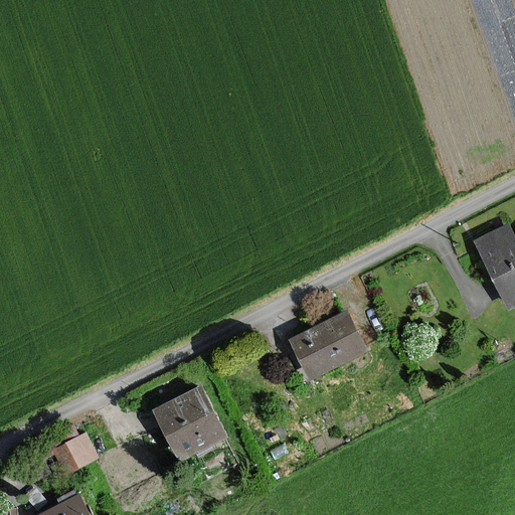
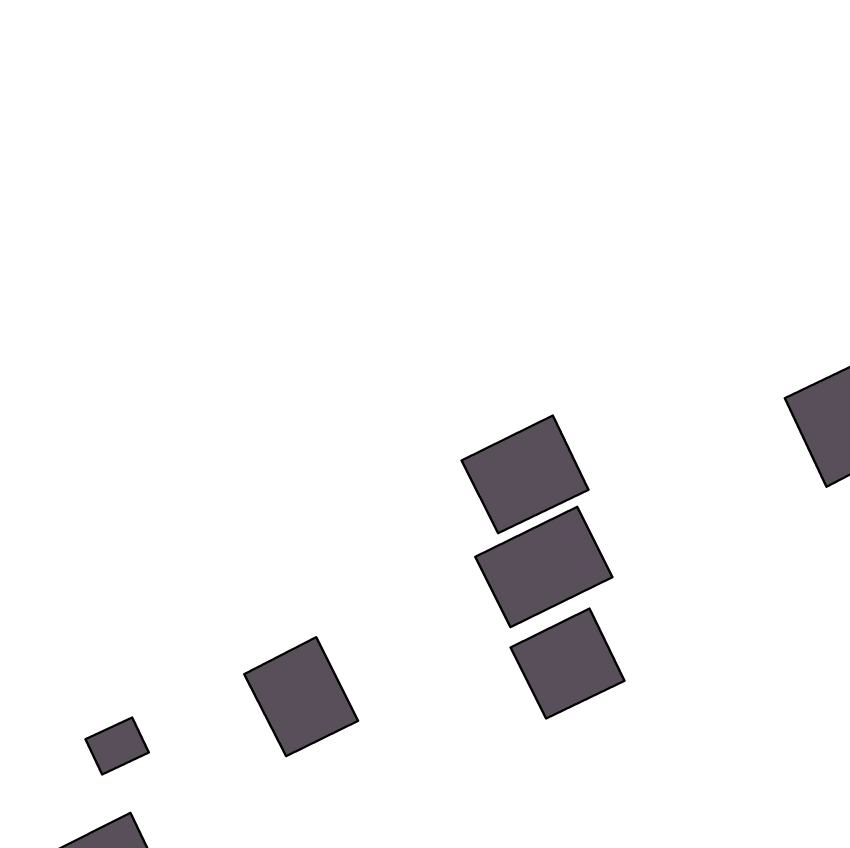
building: none -> [462,416,589,533]
building: none -> [510,609,624,719]

